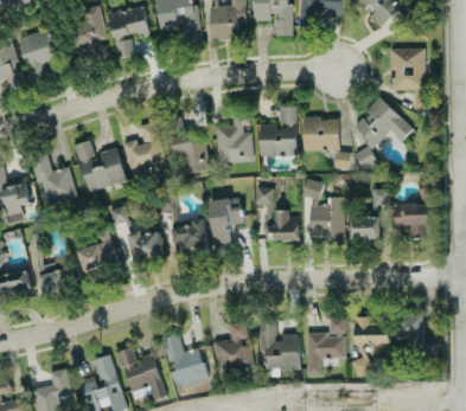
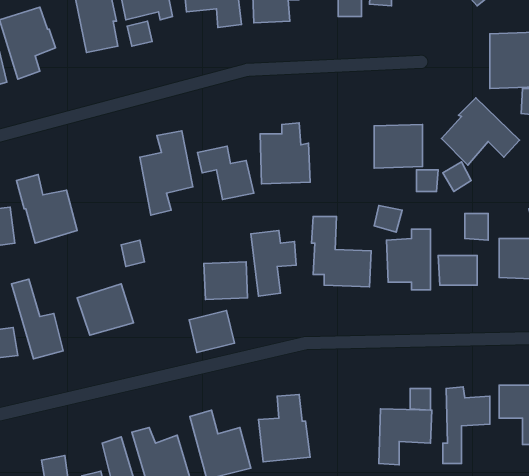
building: [260,107,298,156] -> none
building: [74,140,126,192] -> none
building: [128,229,162,261] -> [189,310,234,353]
building: [260,319,299,370] -> none

